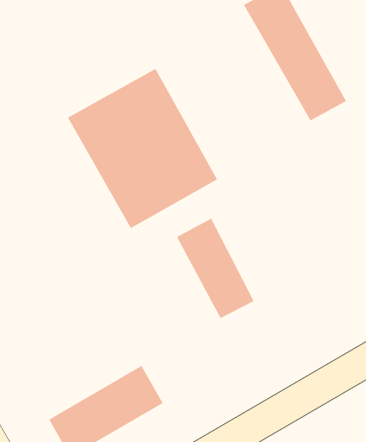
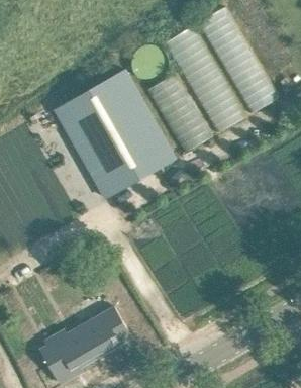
building: none -> [165,21,242,132]
building: [176,218,254,319] -> [147,70,210,151]

